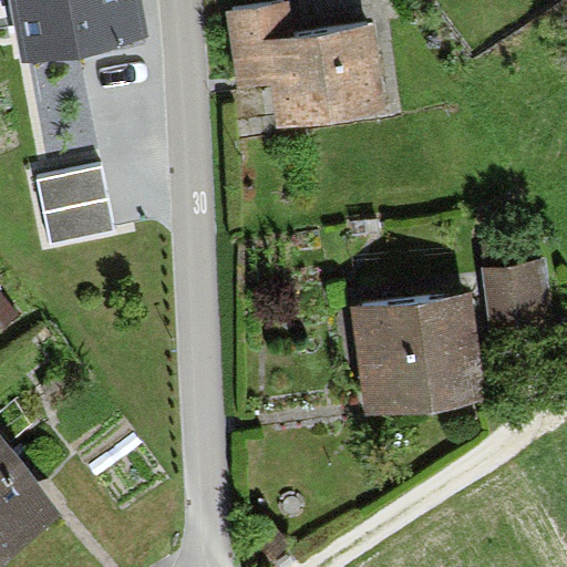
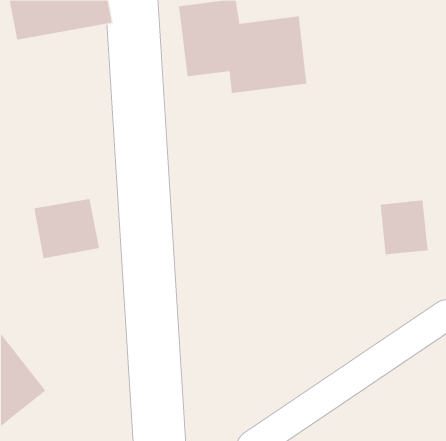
building: [30,172,114,248] -> [33,198,100,259]
building: [355,290,477,403] -> none

